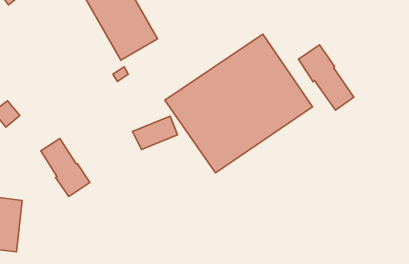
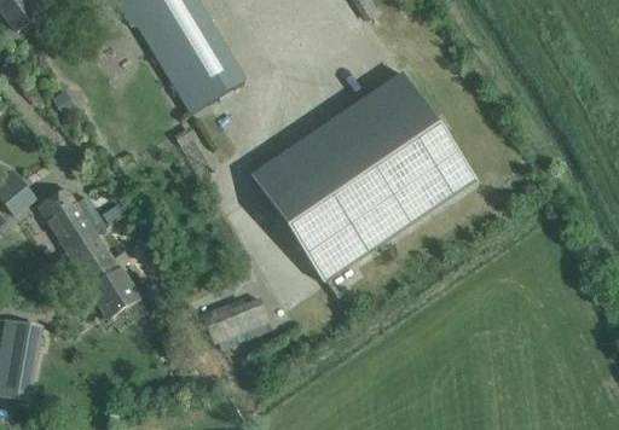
building: [299,45,354,110] -> none
building: none -> [40,186,97,249]
building: [133,116,177,150] -> [204,296,271,345]

